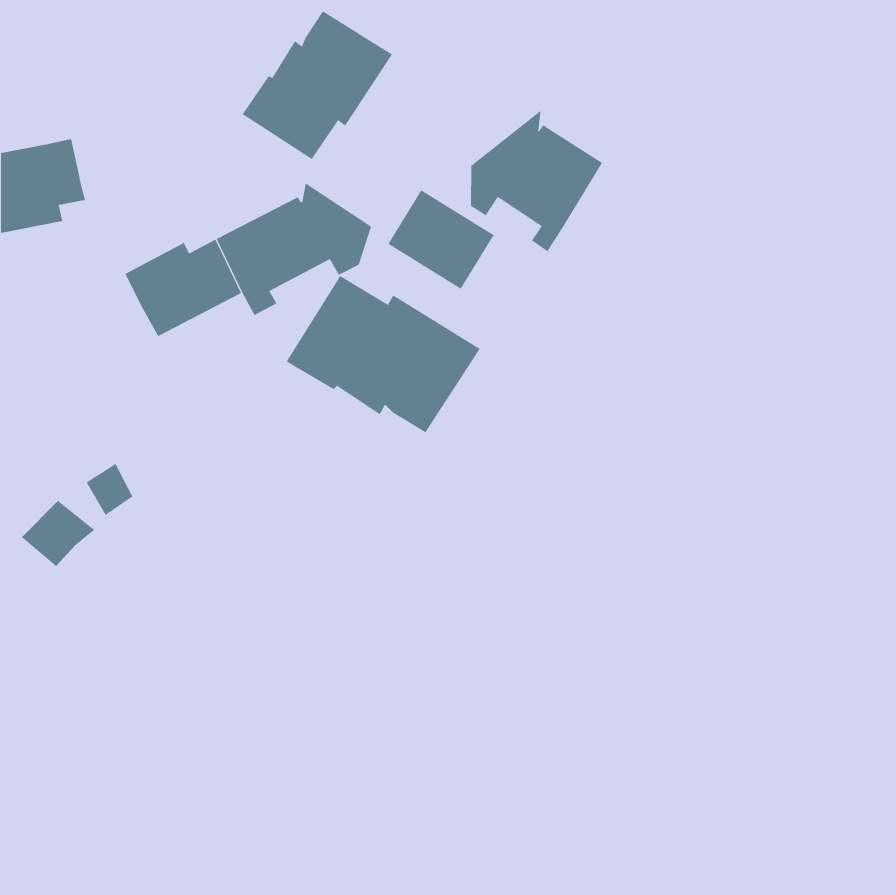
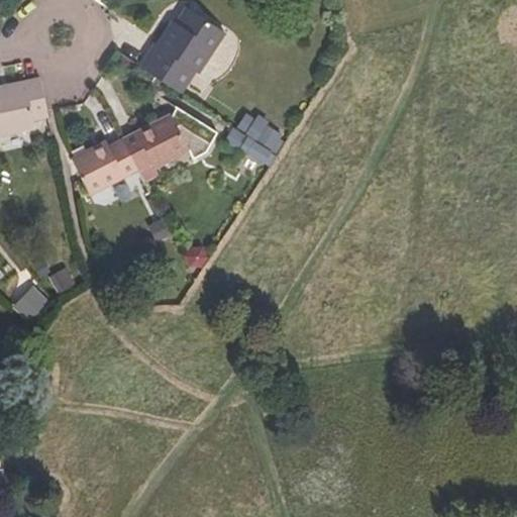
building: [471,110,603,252] -> none
building: [286,275,480,433] -> none

